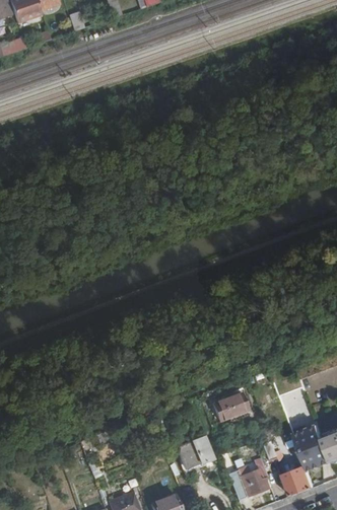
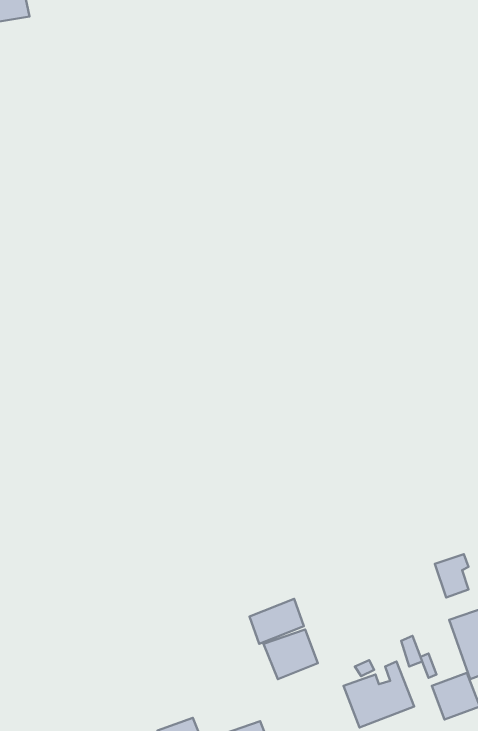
building: [212,393,247,422] -> [249,599,304,644]

